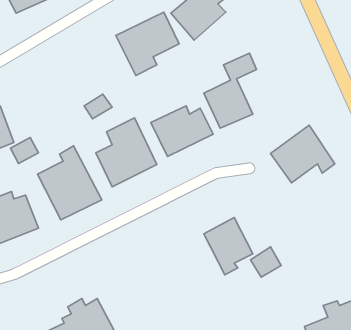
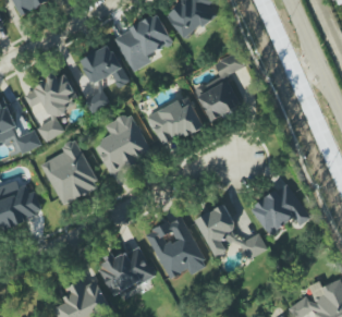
building: none -> [78,44,130,87]
building: none -> [23,71,76,142]
building: [270,125,335,183] -> [251,182,310,235]
building: none -> [145,215,208,279]
building: none -> [97,244,154,295]

